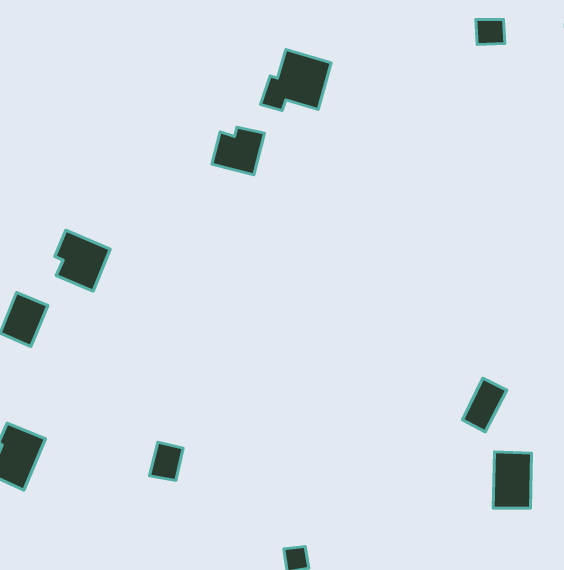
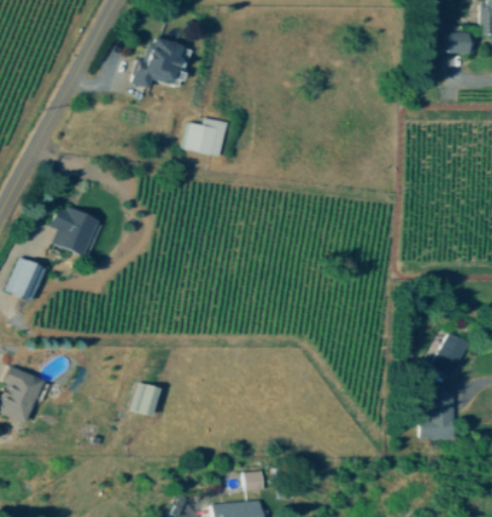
building: [476,19,505,45] -> [446,32,470,54]
building: [261,50,331,111] -> [131,36,191,88]
building: [462,378,507,432] -> [432,332,470,378]

